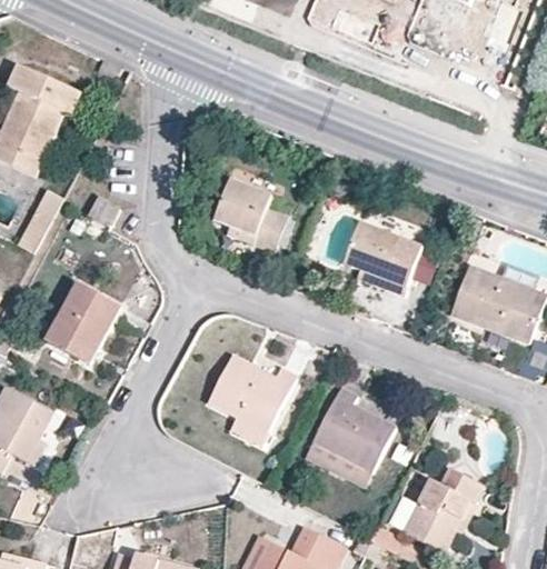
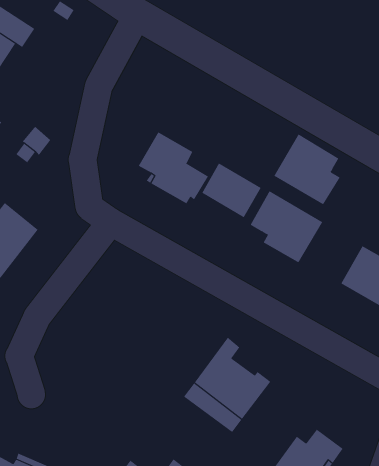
building: none -> [274,134,340,205]
building: none -> [201,162,261,218]
building: [208,355,296,445] -> none

